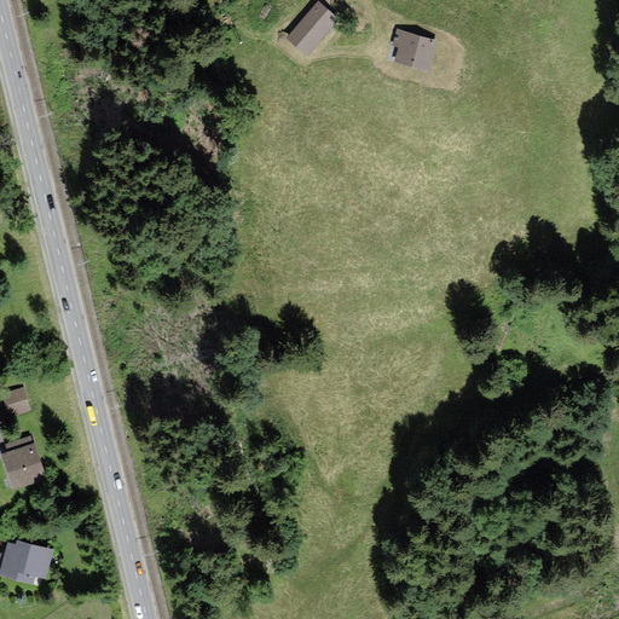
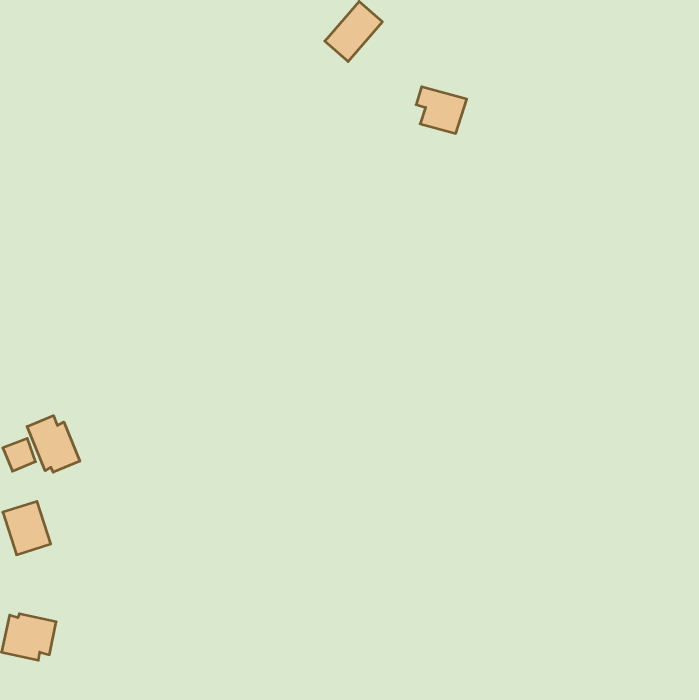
building: [393,30,438,71] -> [416,87,467,133]
building: none -> [27,416,80,472]

